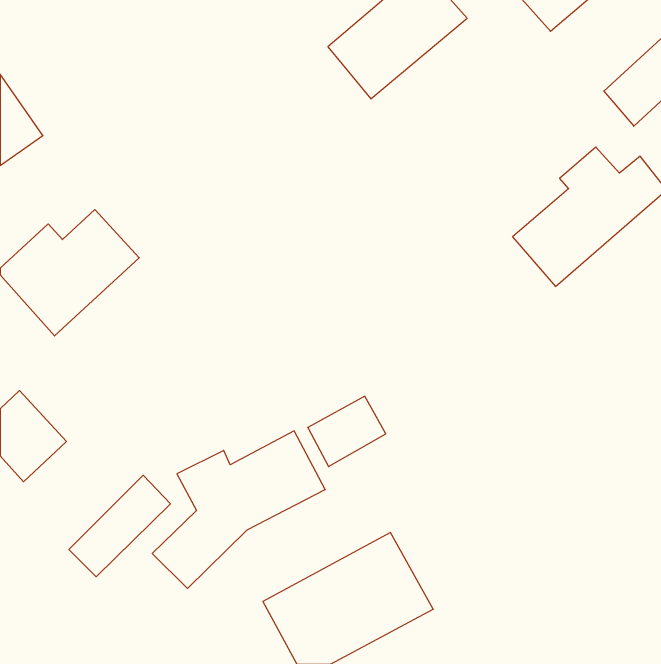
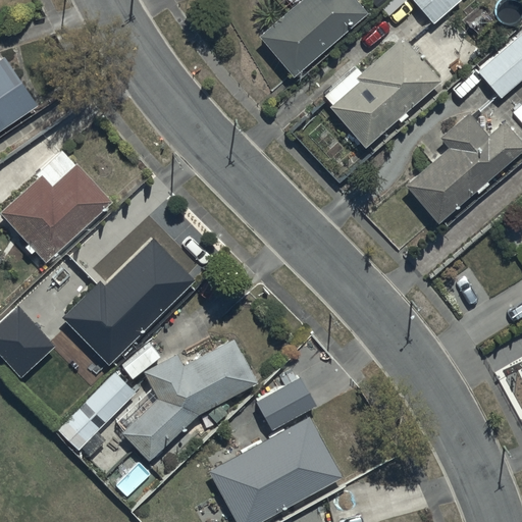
building: none -> [329,37,442,149]
building: none -> [63,239,195,365]
building: [308,396,386,467] -> [255,376,316,431]

